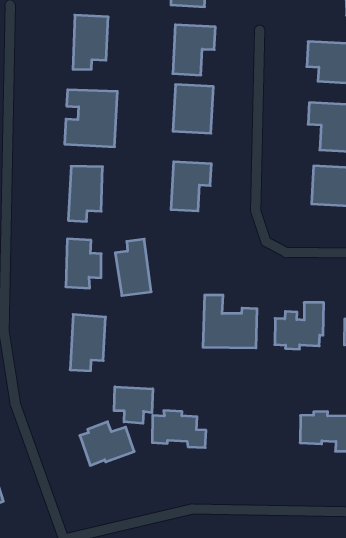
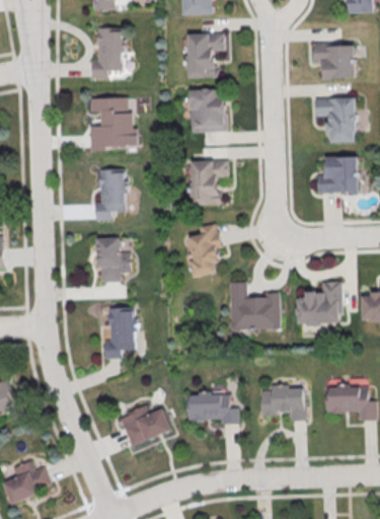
building: [115,239,151,296] -> [187,223,223,277]
building: [114,387,153,423] -> none
building: none -> [259,385,305,422]

